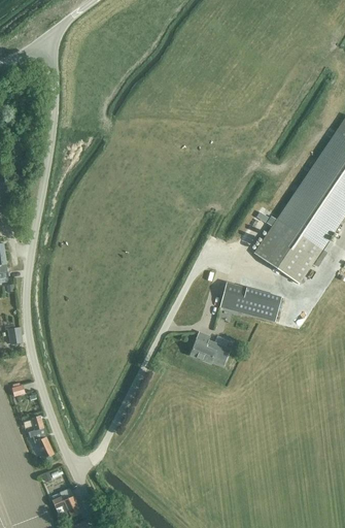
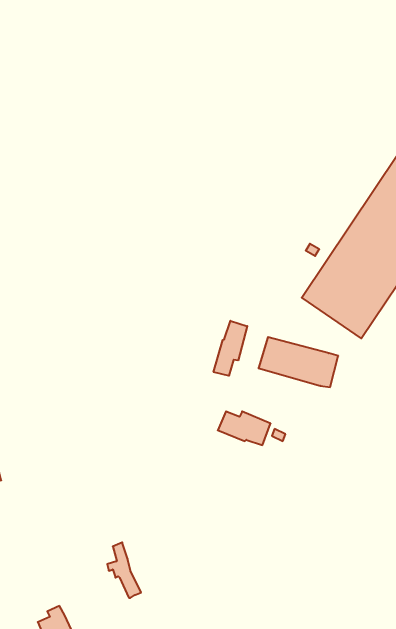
building: none -> [214,321,247,376]
building: [28,416,54,458] -> [107,542,141,598]

